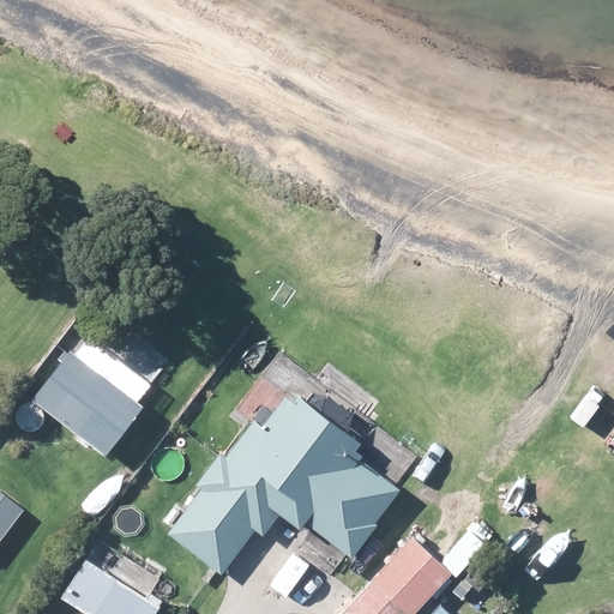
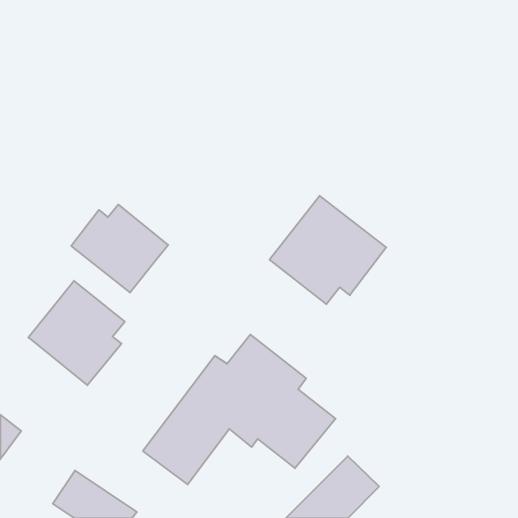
building: none -> [270,196,386,304]
building: none -> [71,205,168,293]

